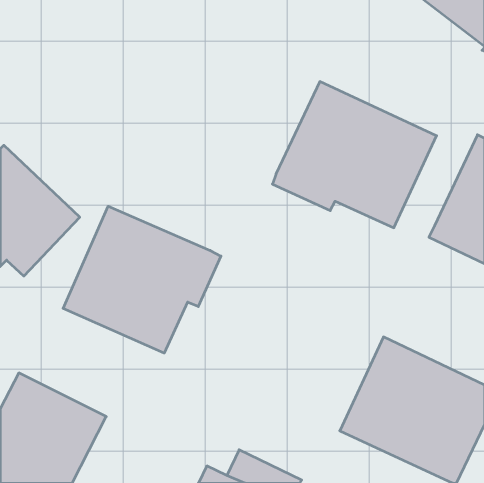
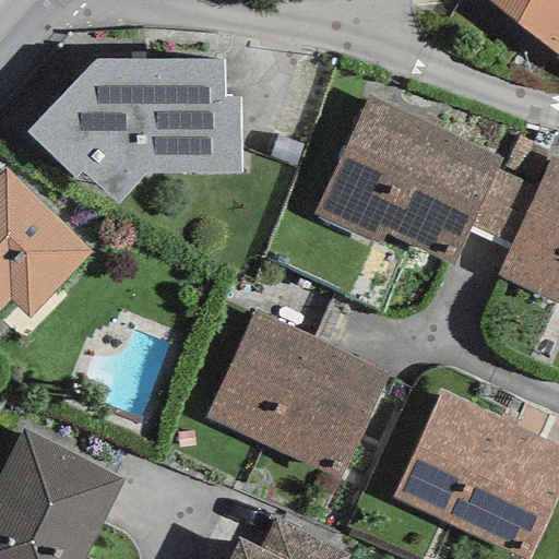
building: none -> [28,57,241,200]
building: [63,206,221,353] -> none
building: none -> [204,312,385,478]

